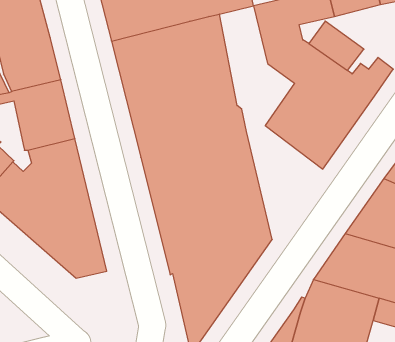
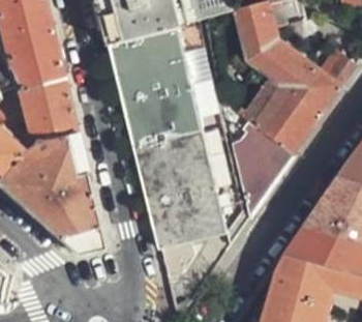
building: none -> [220,101,292,216]

